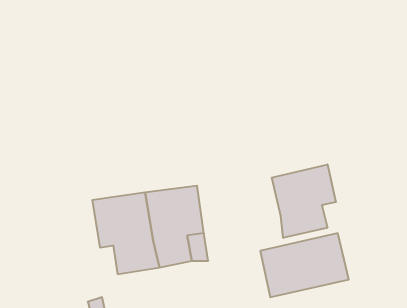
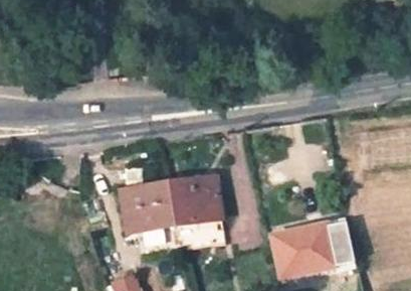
building: [272,164,336,238] -> none

